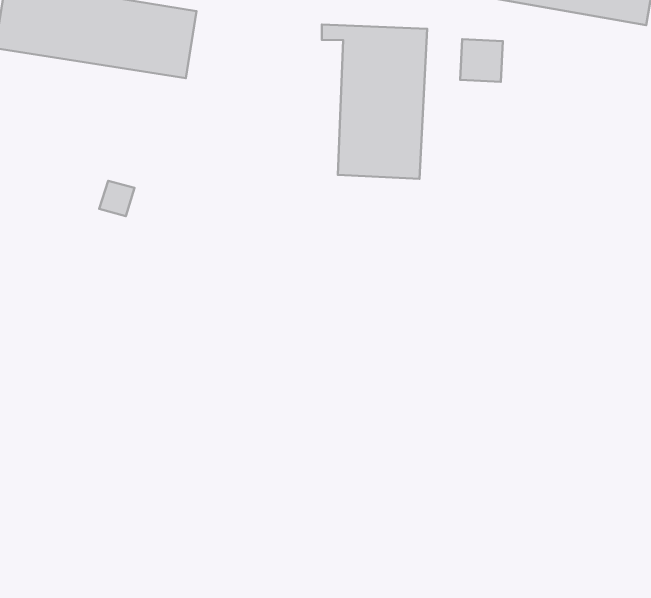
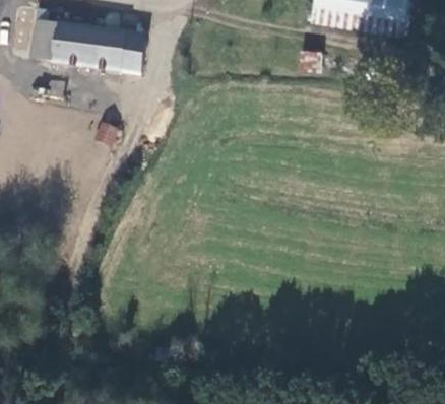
building: [322,24,427,179] -> none

